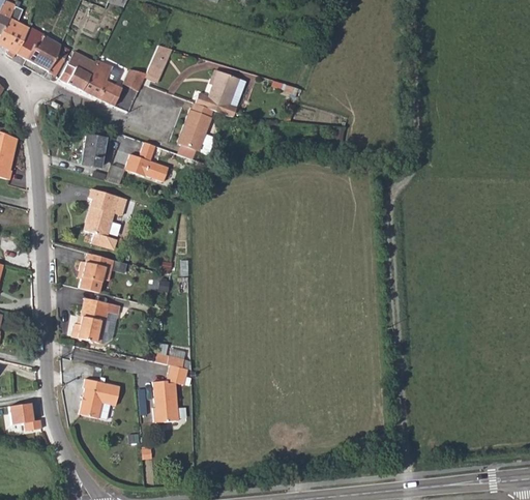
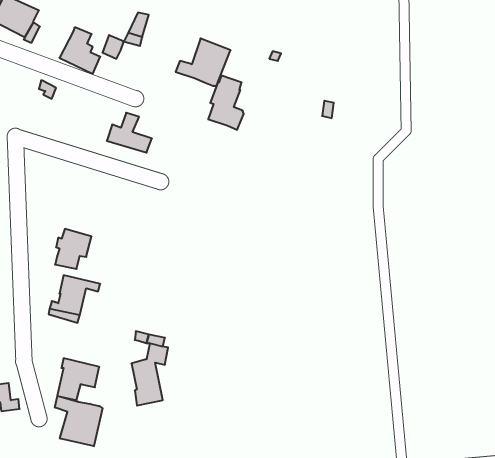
building: [60,51,95,89] -> none
building: [180,102,214,154] -> [208,76,244,130]
building: [82,135,106,166] -> none
building: [83,189,125,248] -> none
building: none -> [55,396,102,446]

